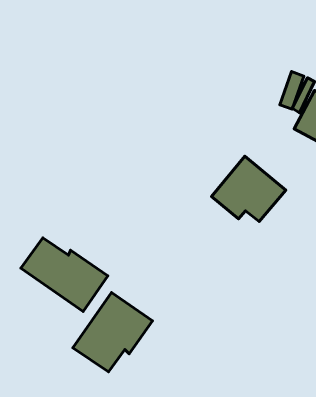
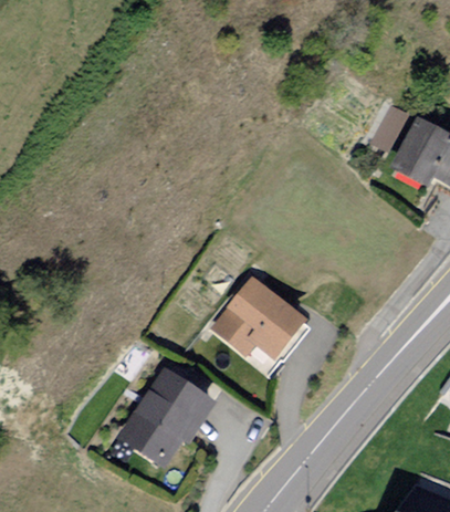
building: [212,156,286,221] -> [212,276,304,357]
building: [21,238,108,311] -> none

